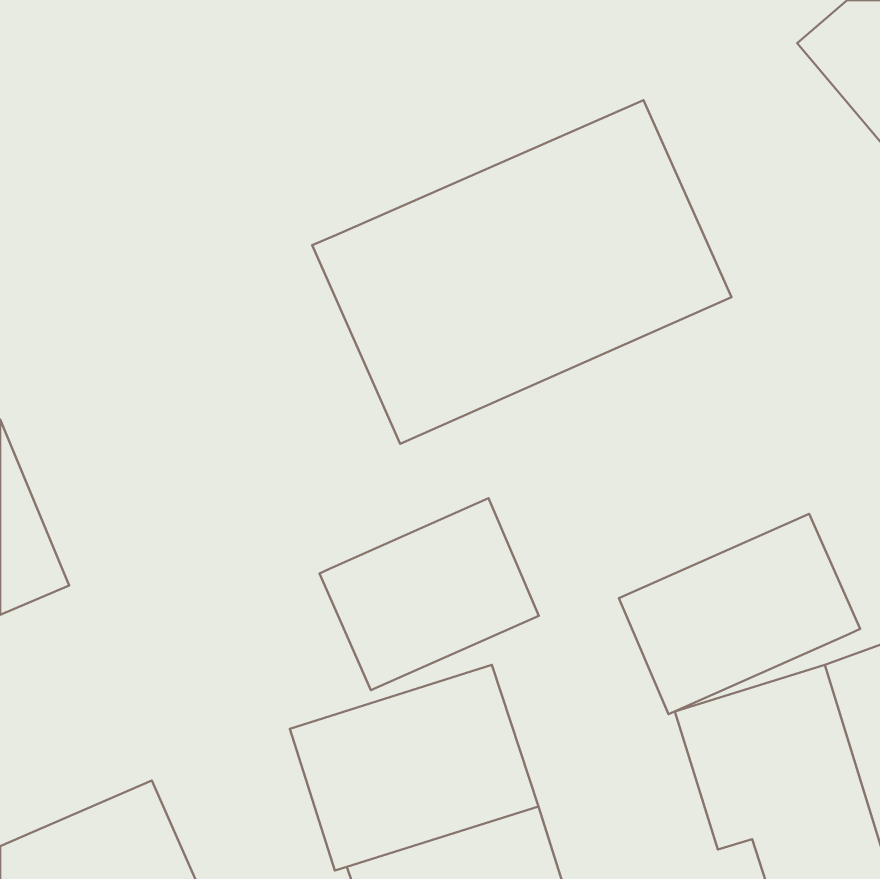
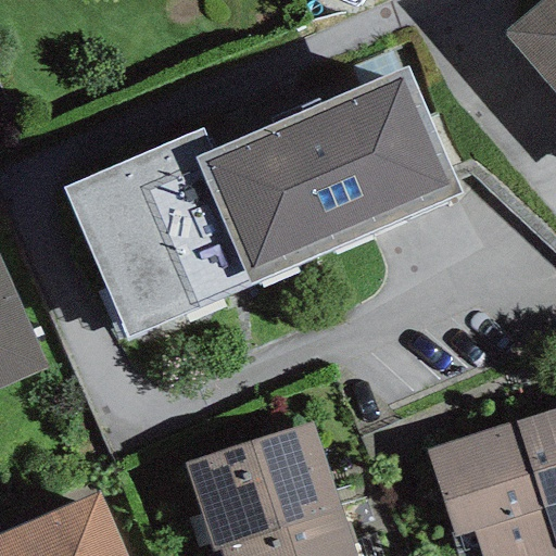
building: none -> [64,126,253,336]
building: [320,498,539,690] -> none
building: [619,514,860,714] -> none

